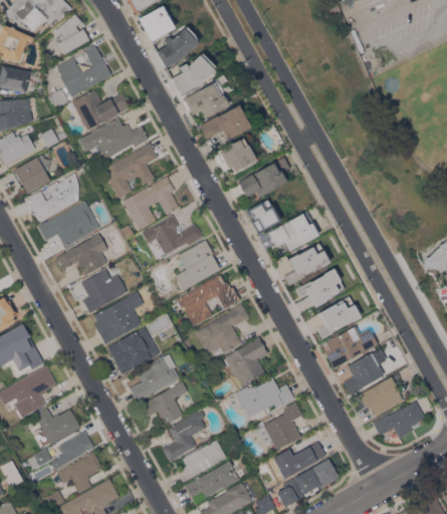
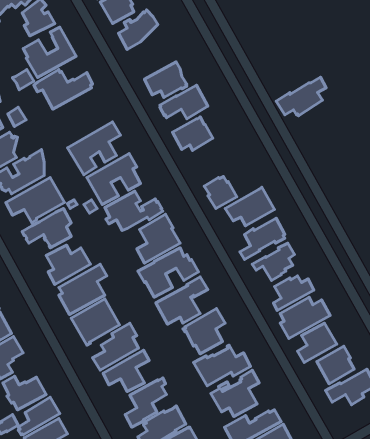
building: [171,54,213,94] -> none
building: [78,118,148,160] -> none
building: [237,158,289,198] -> [276,77,326,116]

